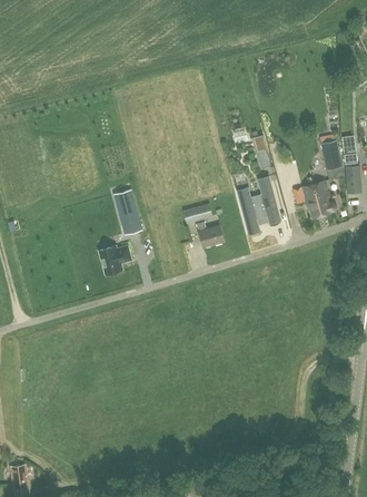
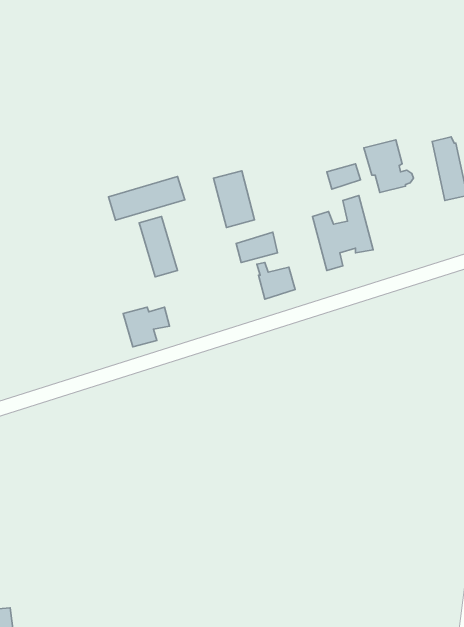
building: none -> [214,171,255,227]
building: none -> [108,176,185,220]
building: [302,181,337,217] -> [364,140,413,193]

